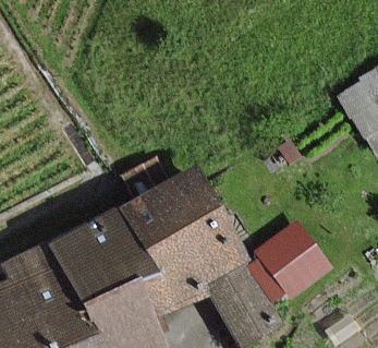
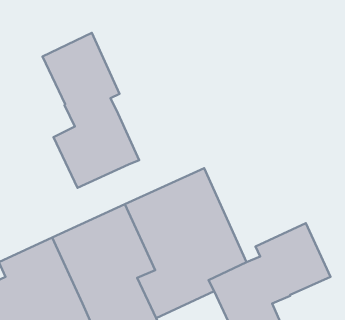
building: none -> [42,33,139,188]

